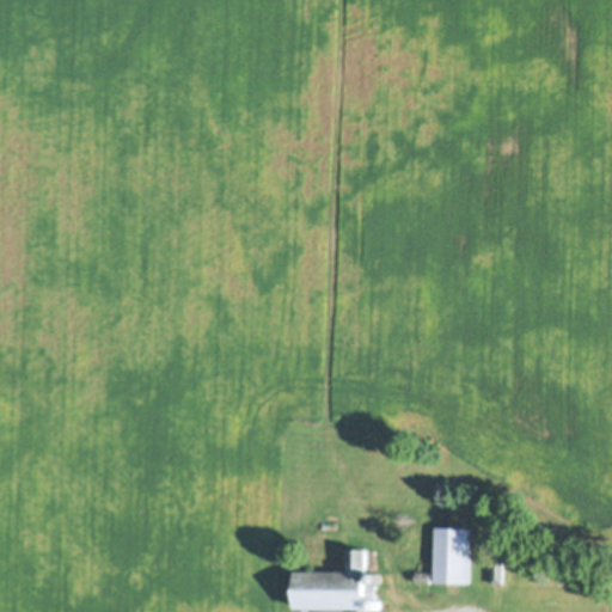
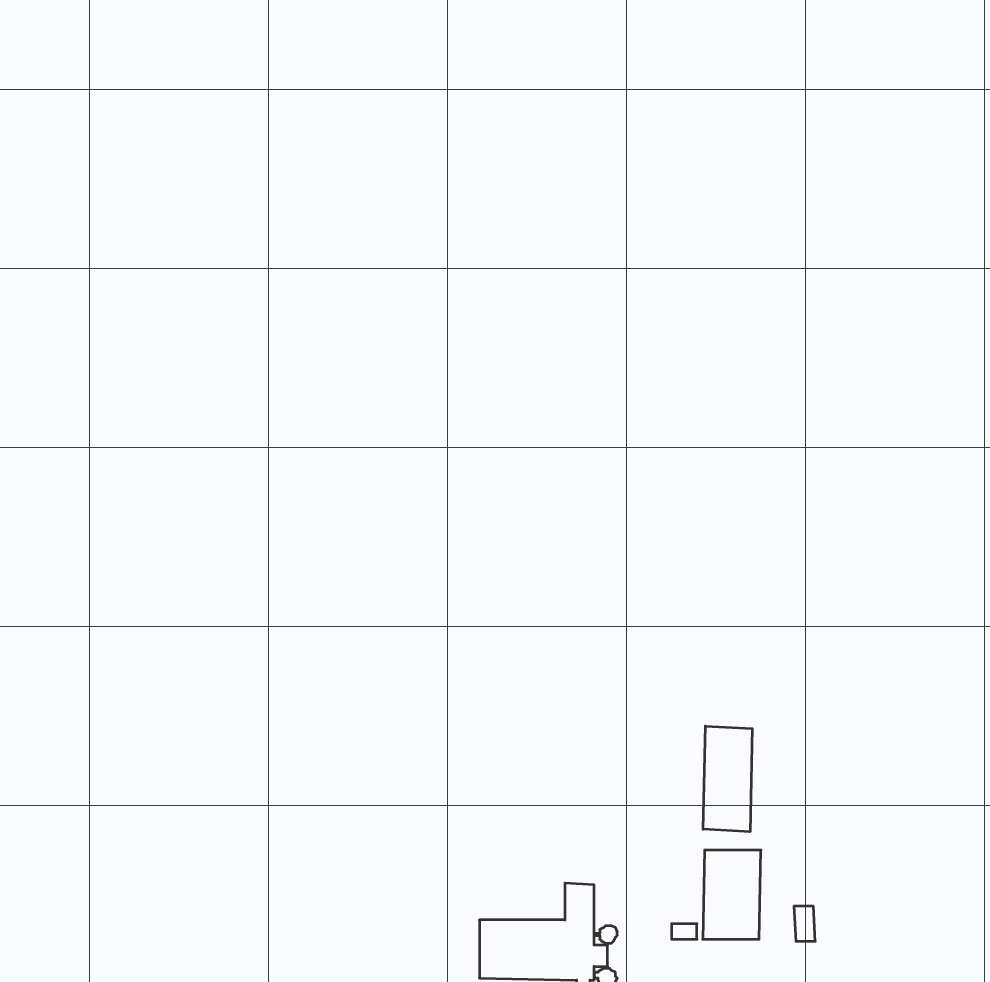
building: none -> [703,726,752,832]

